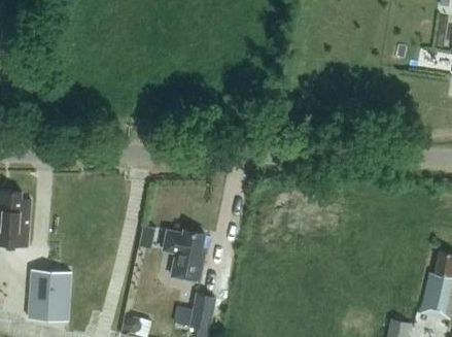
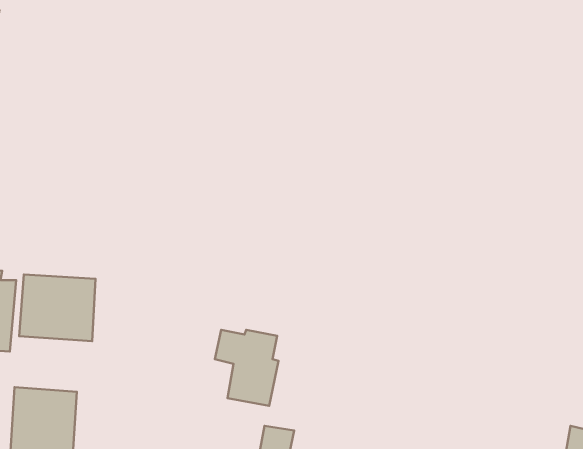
building: none -> [19,274,95,341]

